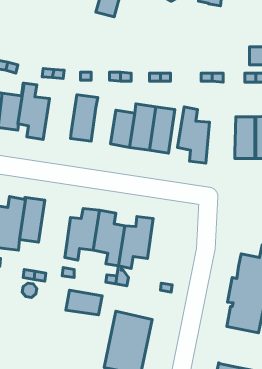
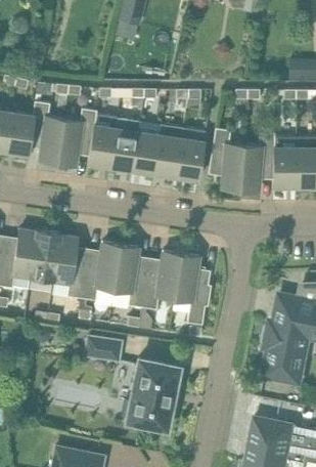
building: none -> [57,109,97,167]
building: none -> [111,129,139,170]
building: none -> [240,133,275,193]
building: none -> [52,234,88,298]
building: none -> [175,254,212,325]

